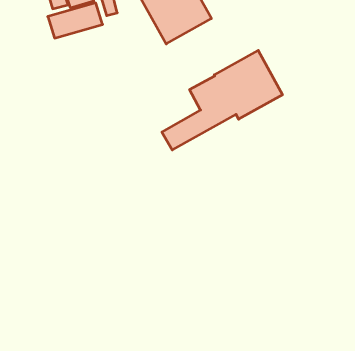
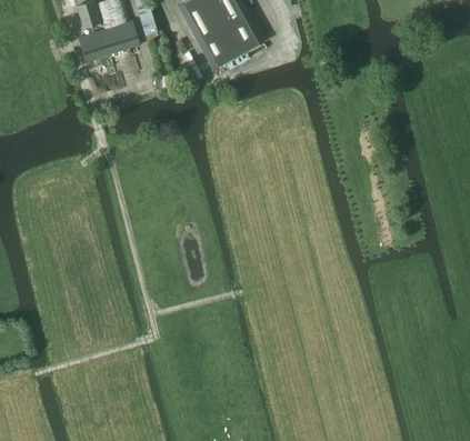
building: [162,50,282,150] -> none

